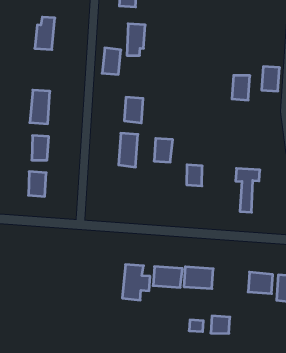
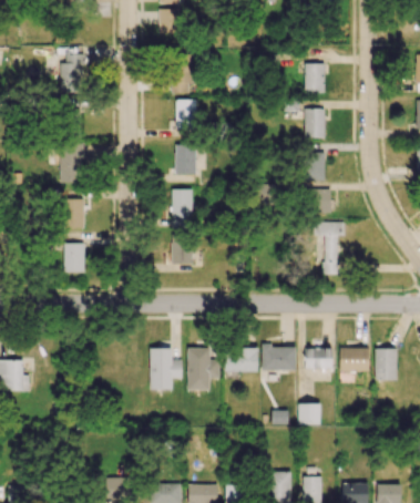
building: [102,48,121,74] -> [175,100,196,131]
building: [262,67,280,91] -> [305,64,325,93]
building: none -> [305,153,325,182]
building: [154,138,173,162] -> [172,237,193,265]
building: [187,165,202,186] -> [311,189,331,214]
building: none -> [148,349,182,391]
building: none -> [305,349,332,370]

